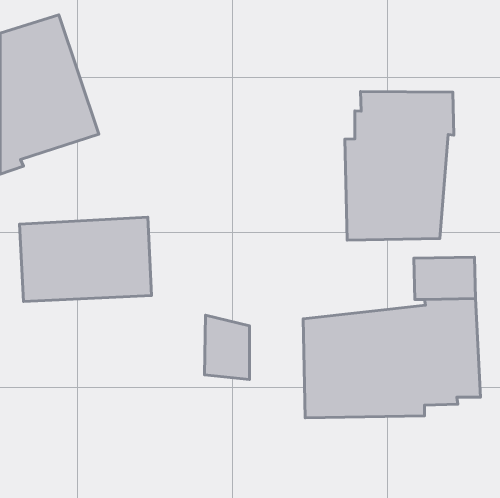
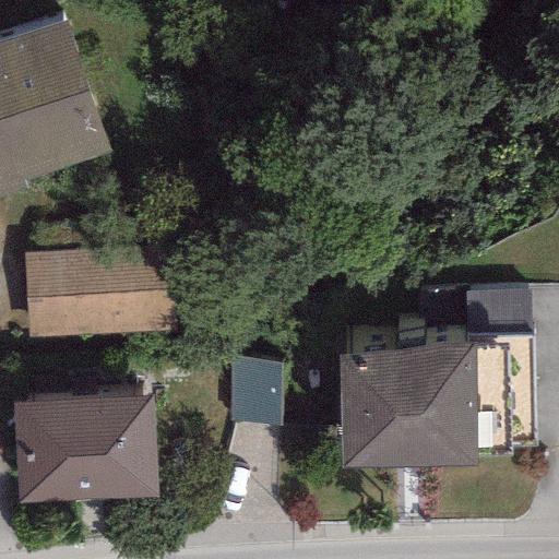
building: [345,91,454,240] -> none
building: none -> [13,396,155,502]

